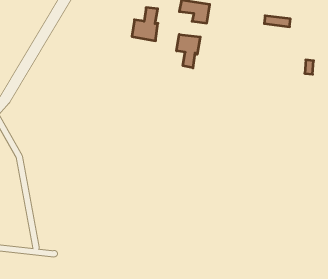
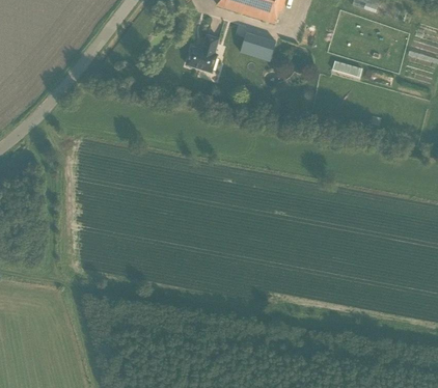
building: [177,34,200,68] -> none

